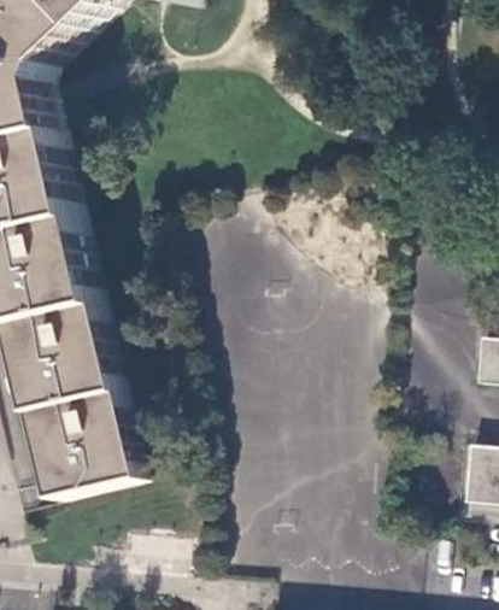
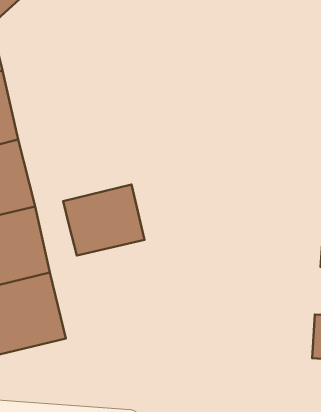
building: none -> [63,184,144,255]

